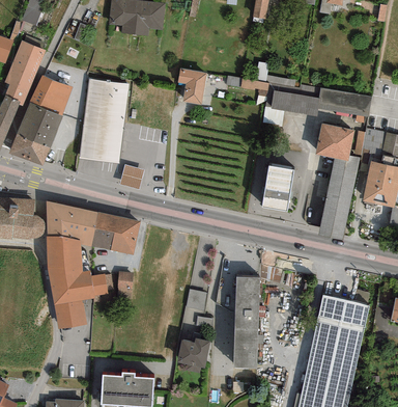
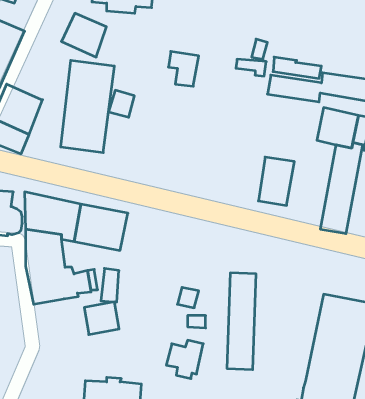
building: [29,75,70,115] -> [61,13,106,57]
building: [119,165,143,190] -> [109,90,134,117]
building: [54,299,86,329] -> [84,302,119,335]

